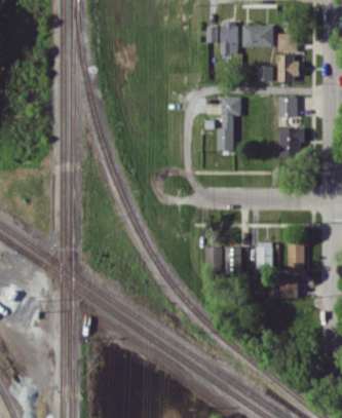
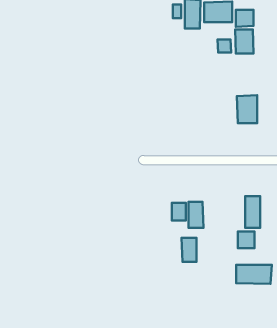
building: [217,97,240,151] -> none
building: [277,98,297,117] -> none
building: [256,242,272,269] -> [181,238,196,262]
building: none -> [236,265,272,284]

